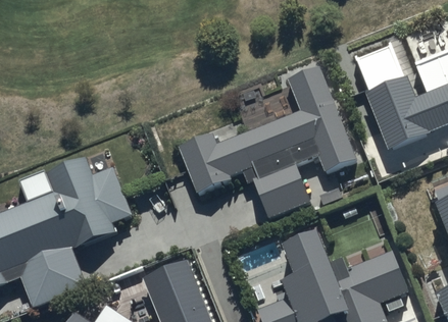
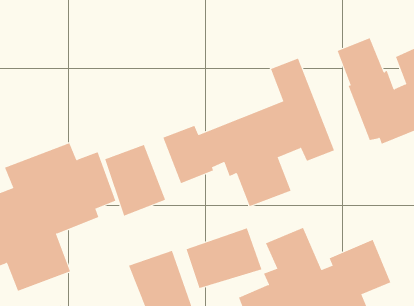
building: none -> [104,144,166,217]
building: none -> [186,227,262,289]

